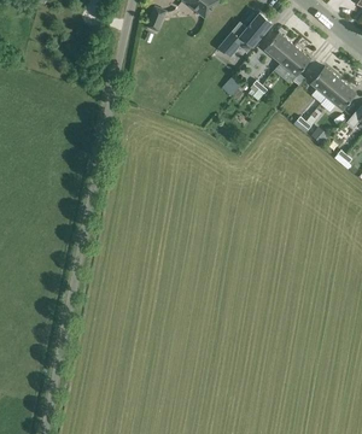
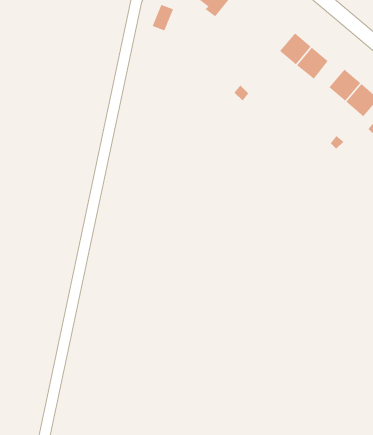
building: [217,13,270,58] -> none

